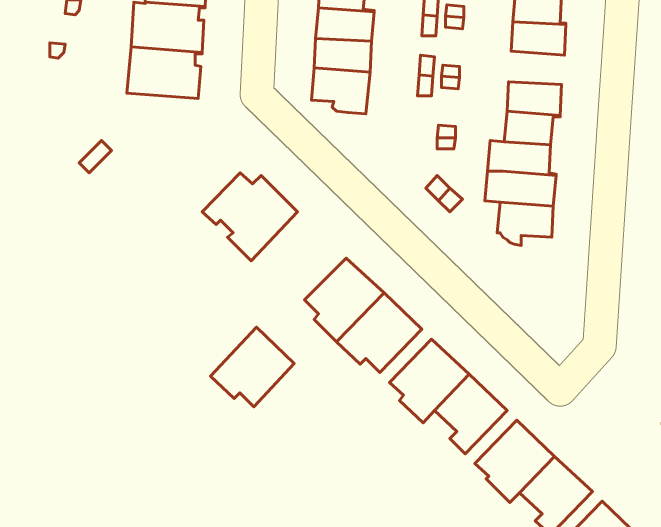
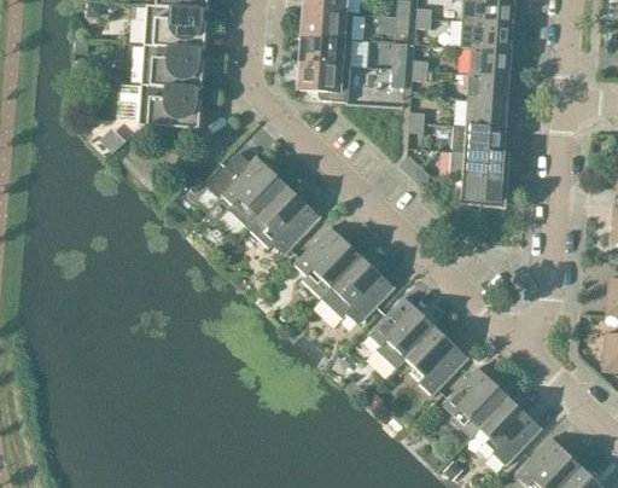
building: none -> [470,46,518,75]
building: none -> [138,82,202,127]
building: [210,327,294,407] -> [247,185,320,254]

